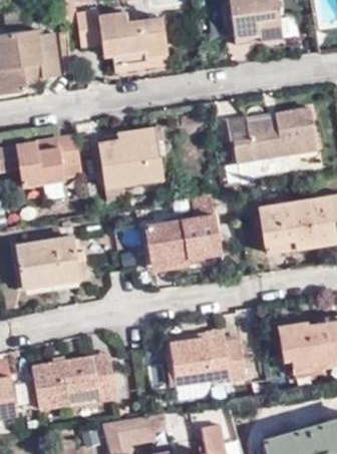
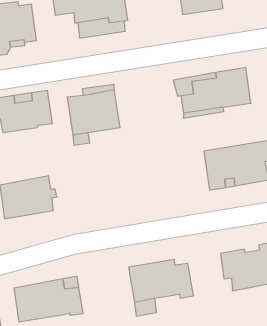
building: [146,195,221,271] -> none

